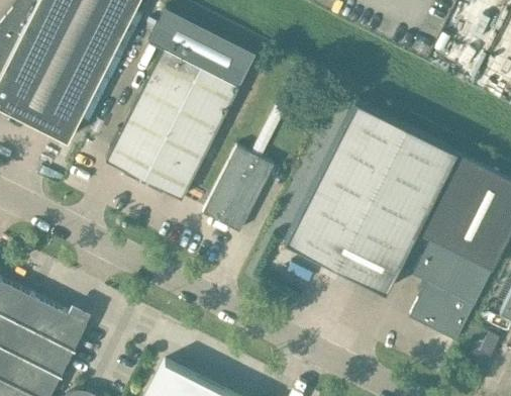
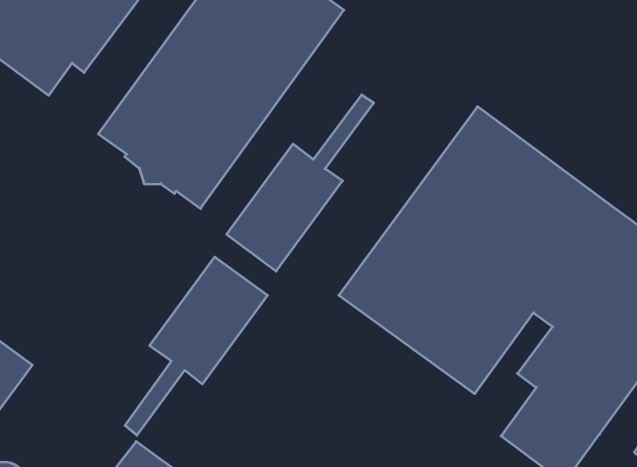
building: none -> [125,257,268,435]

